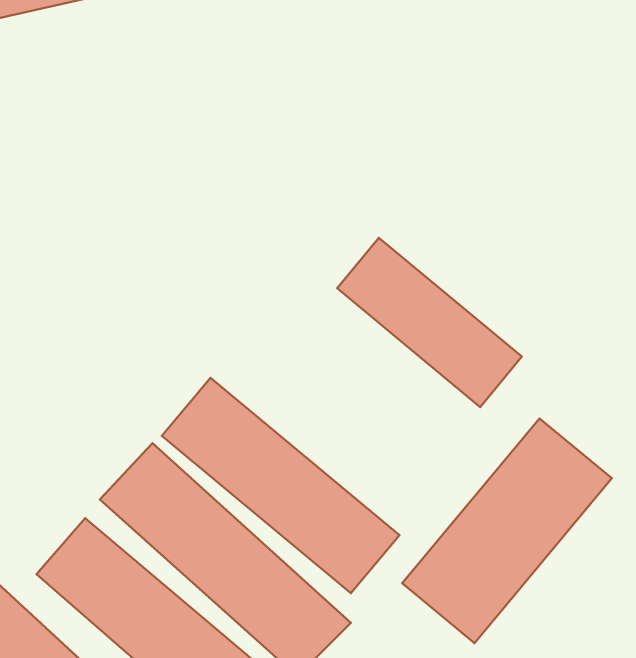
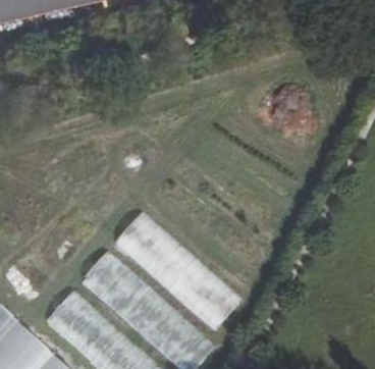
building: [337,238,522,407] -> none
building: [402,418,612,643] -> none

